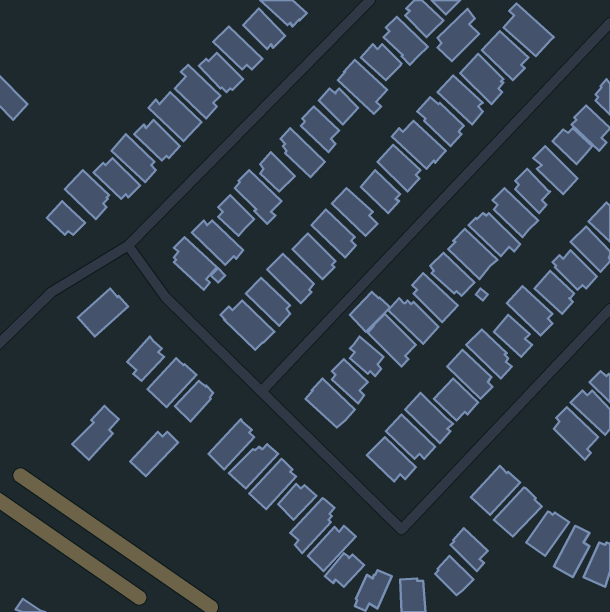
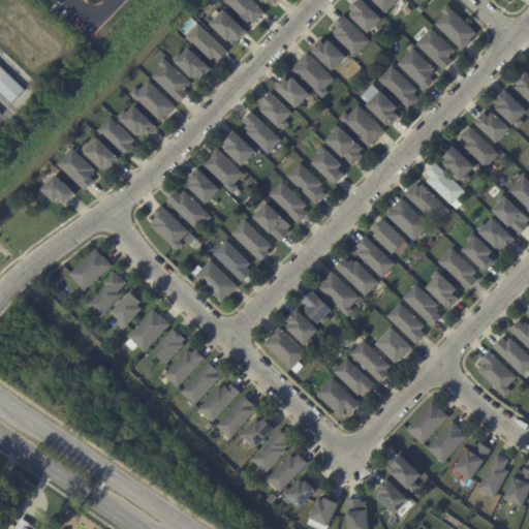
building: [437,9,479,61] -> none
building: [350,292,390,332] -> none
building: [72,406,119,460] -> [85,271,125,317]
building: [130,432,178,476] -> [162,349,204,387]

